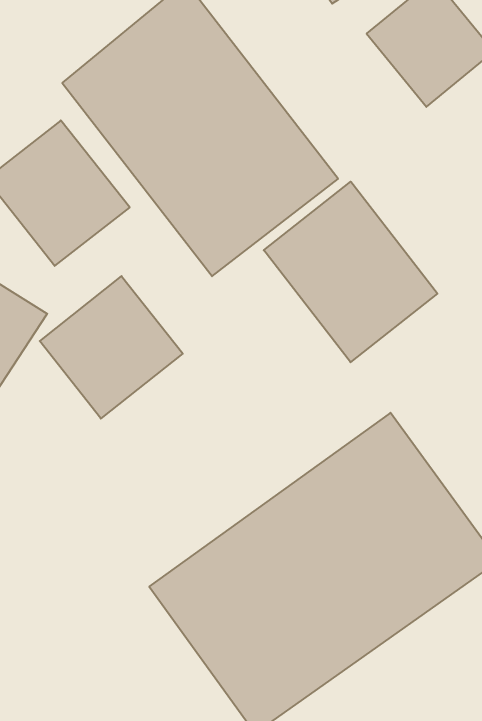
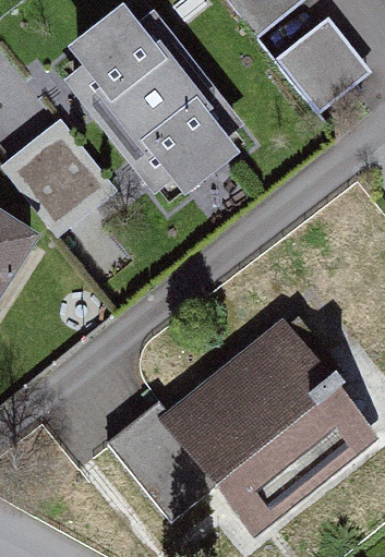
building: [264,182,437,362] -> none
building: [40,276,183,419] -> none

